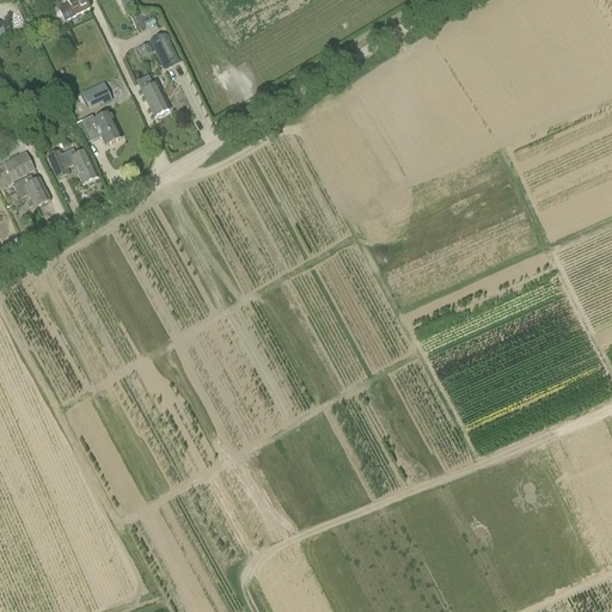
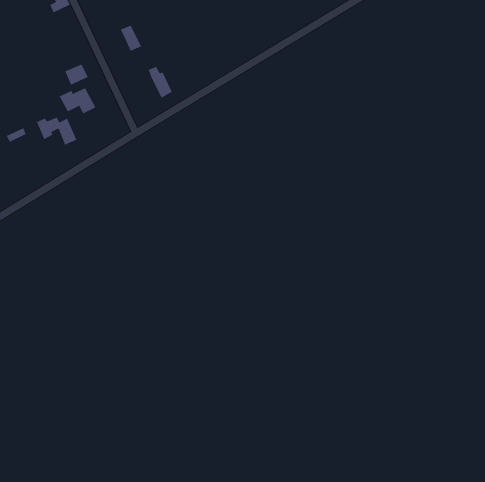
building: [136,74,167,115] -> [148,66,173,98]
building: [11,173,49,206] -> none

